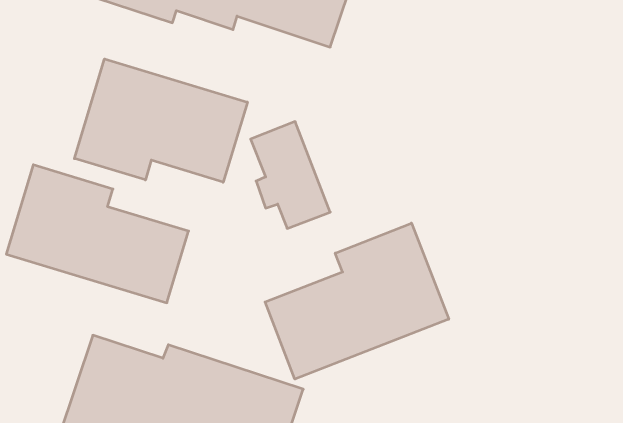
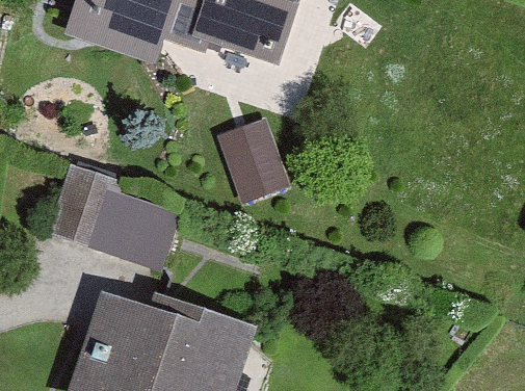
building: [74,59,247,182] -> none
building: [265,223,449,379] -> none

